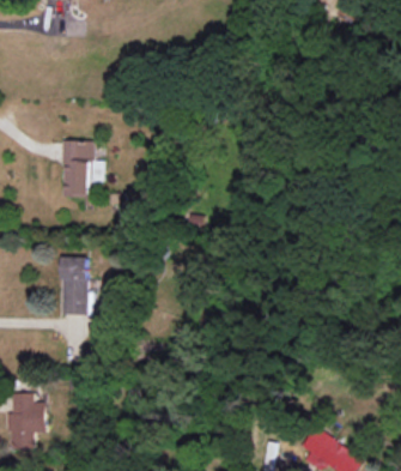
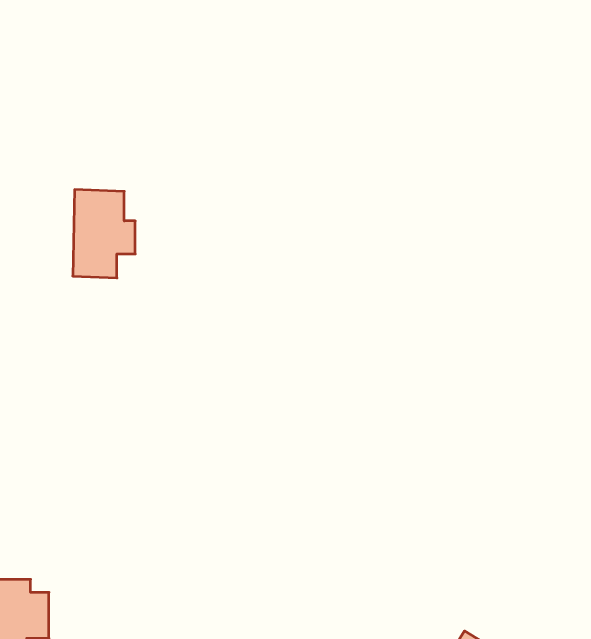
building: [60,256,87,315] -> none

